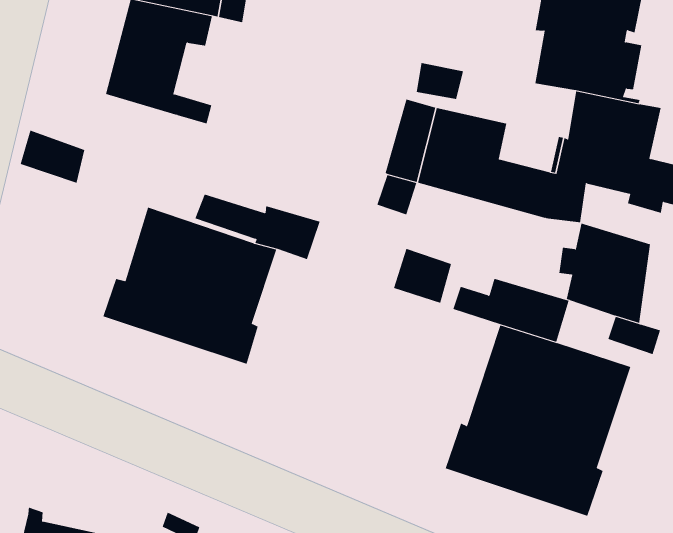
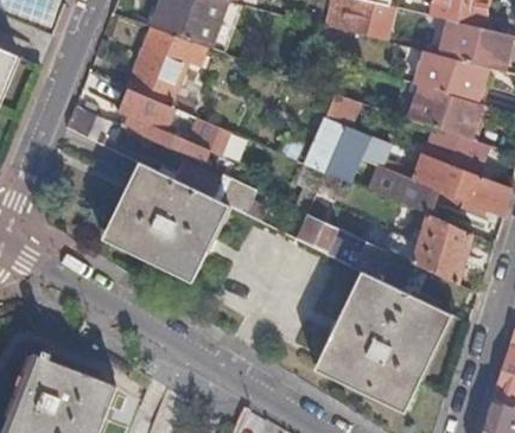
building: none -> [117,88,230,165]

